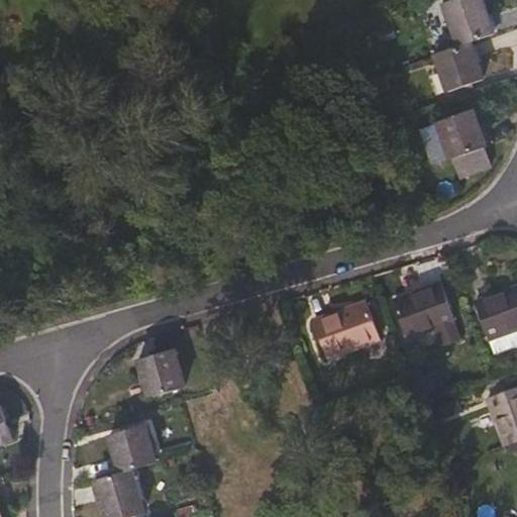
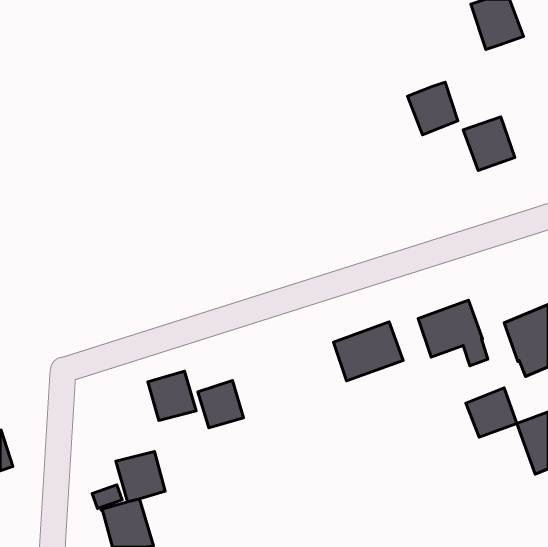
building: [434,42,482,92] -> [408,82,458,135]
building: none -> [198,380,243,428]
building: none -> [466,388,517,437]

